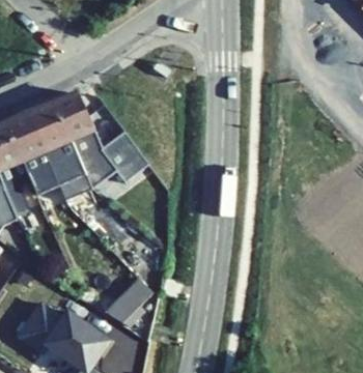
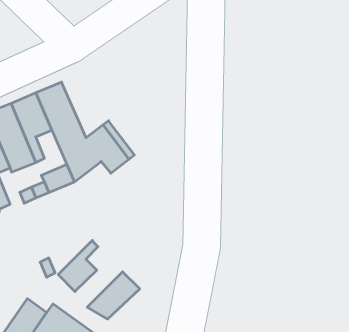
building: none -> [58,240,98,292]

